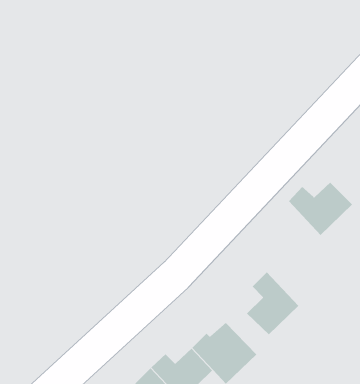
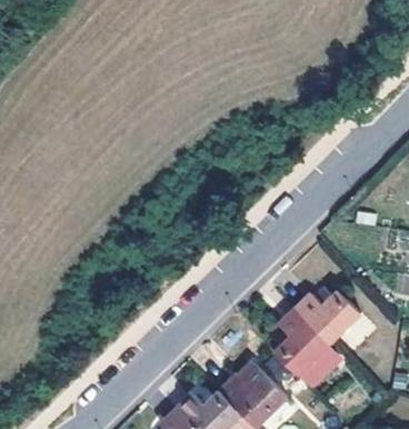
building: [288,182,353,236] -> [298,290,365,346]

